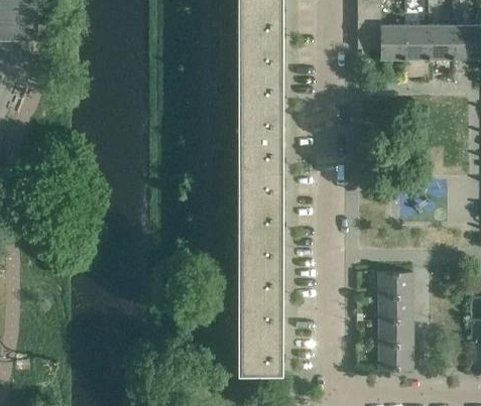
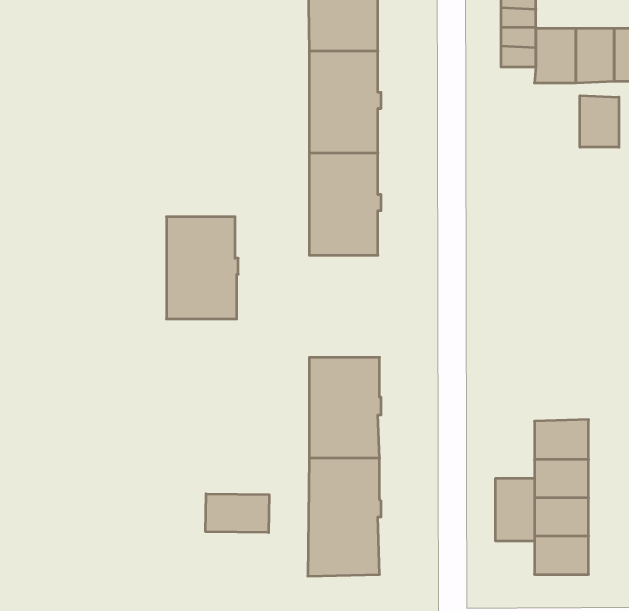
building: none -> [580,96,619,147]
building: [238,168,283,233] -> [166,217,238,319]
building: none -> [496,478,534,541]
building: none -> [206,494,269,533]

